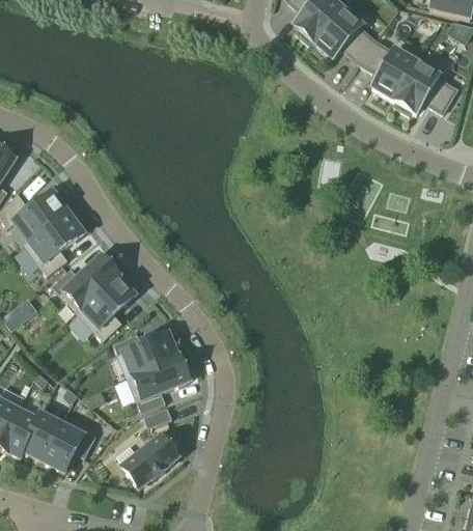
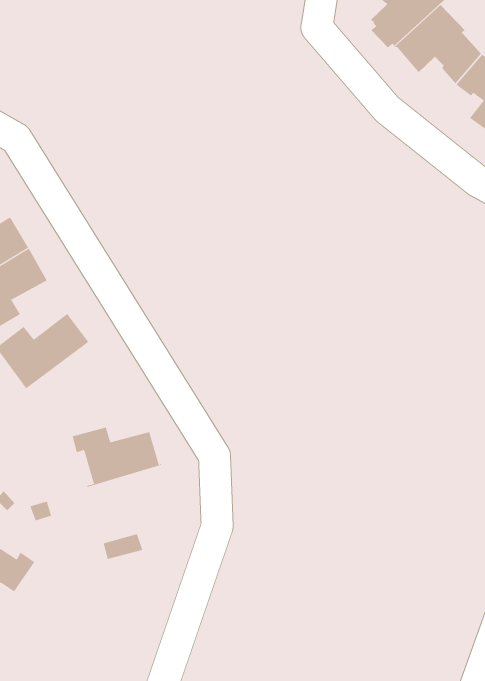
building: [77,273,135,339] -> none
building: [128,355,189,411] -> none
building: [116,435,178,486] -> none

